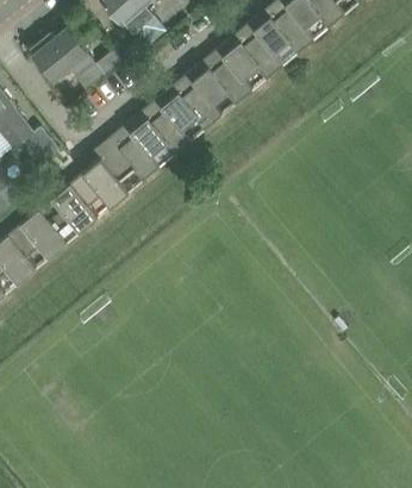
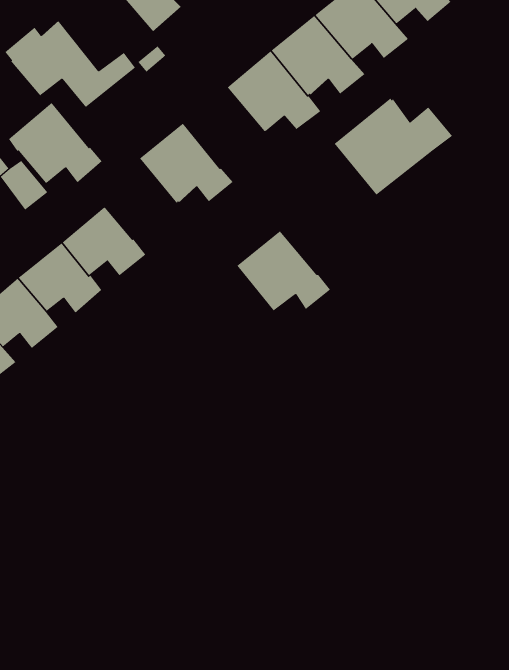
building: [155,75,221,132] -> [236,231,331,311]
building: none -> [334,97,453,196]
building: [93,125,160,182] -> [8,102,102,183]

